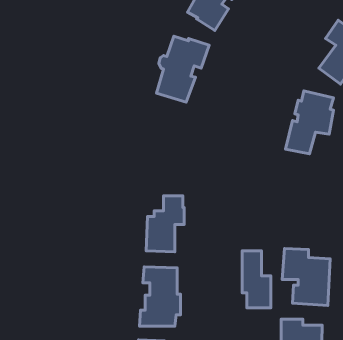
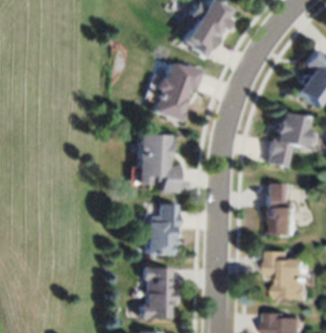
building: none -> [138,133,179,192]
building: [242,251,271,308] -> [269,184,295,234]

